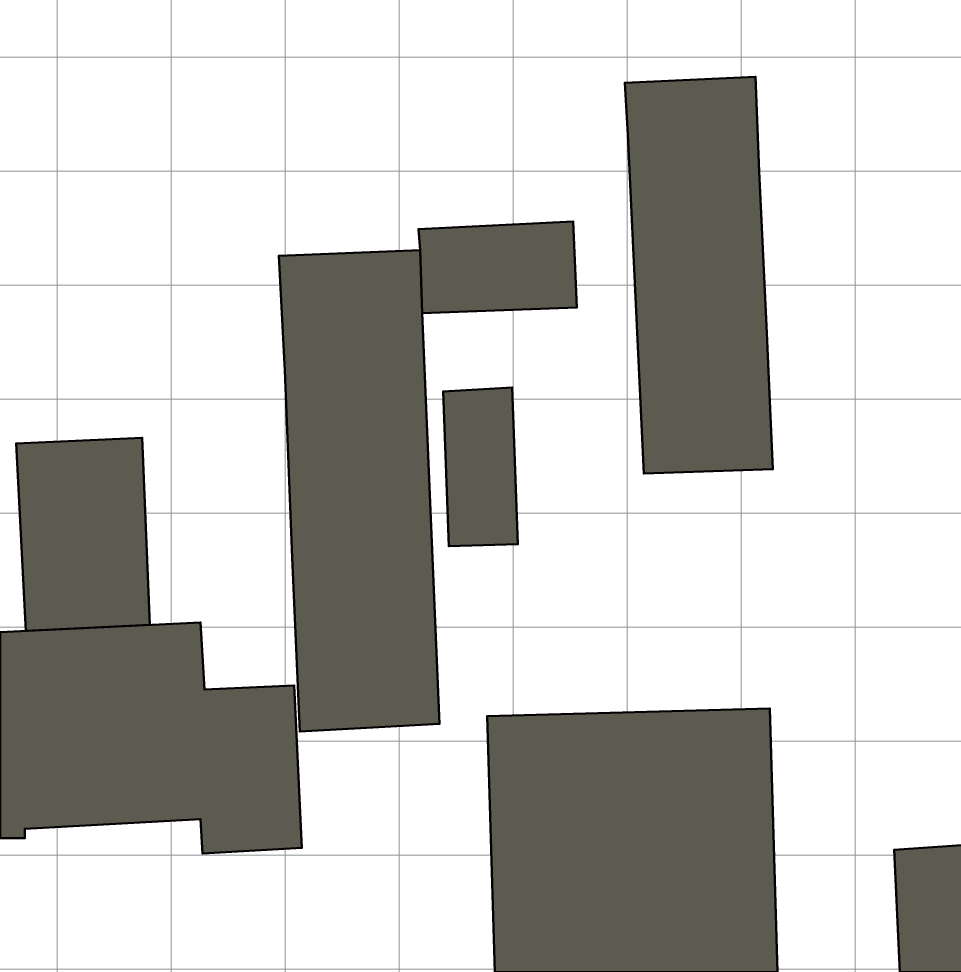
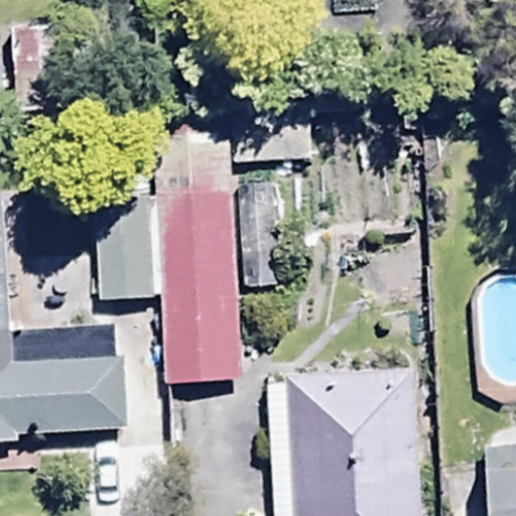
building: [625,77,773,474] -> none
building: [16,438,150,631] -> [92,196,162,297]

